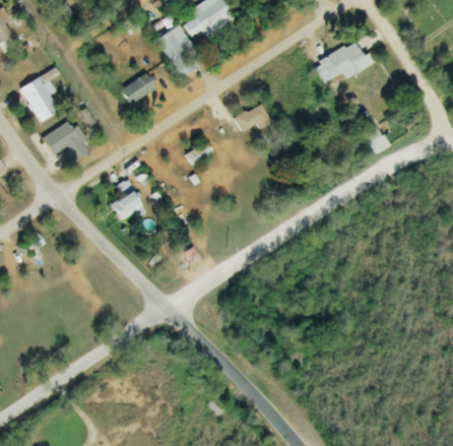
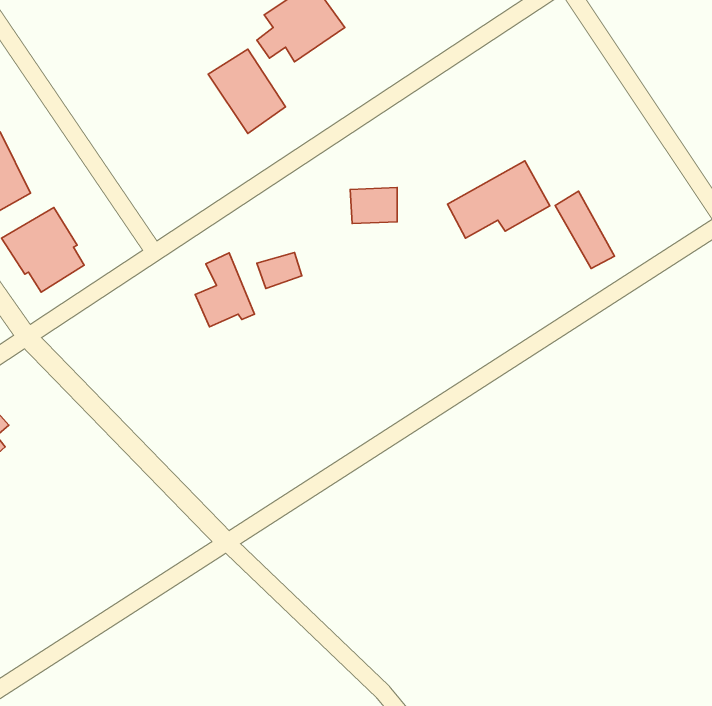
building: [314,39,372,82] -> [448,161,550,238]
building: [120,72,155,105] -> none
building: [111,178,144,219] -> [195,253,254,327]

